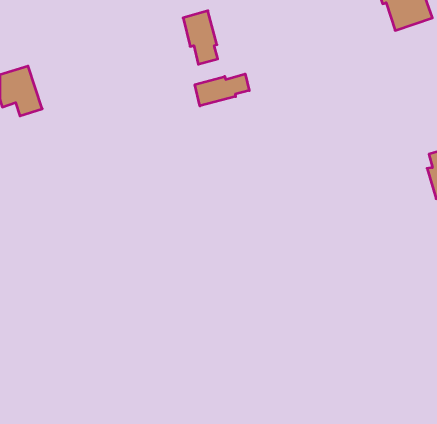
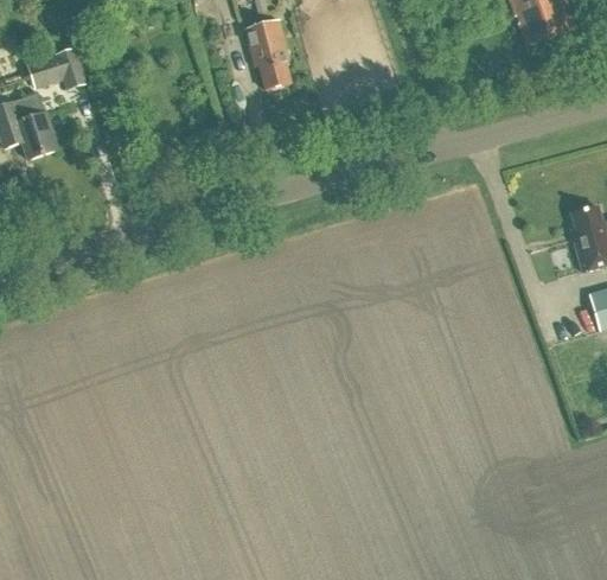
building: none -> [27,46,85,87]
building: [195,74,249,106] -> none

